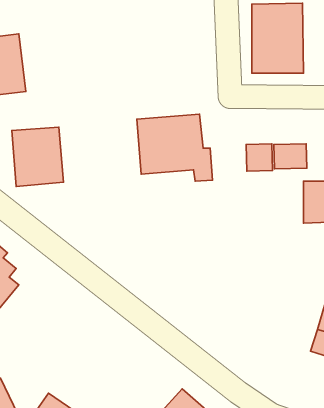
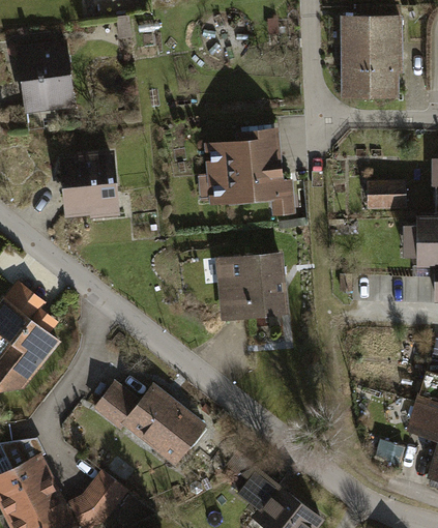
building: [246,144,272,171] -> none
building: none -> [216,253,289,322]
building: none -> [93,378,209,469]

